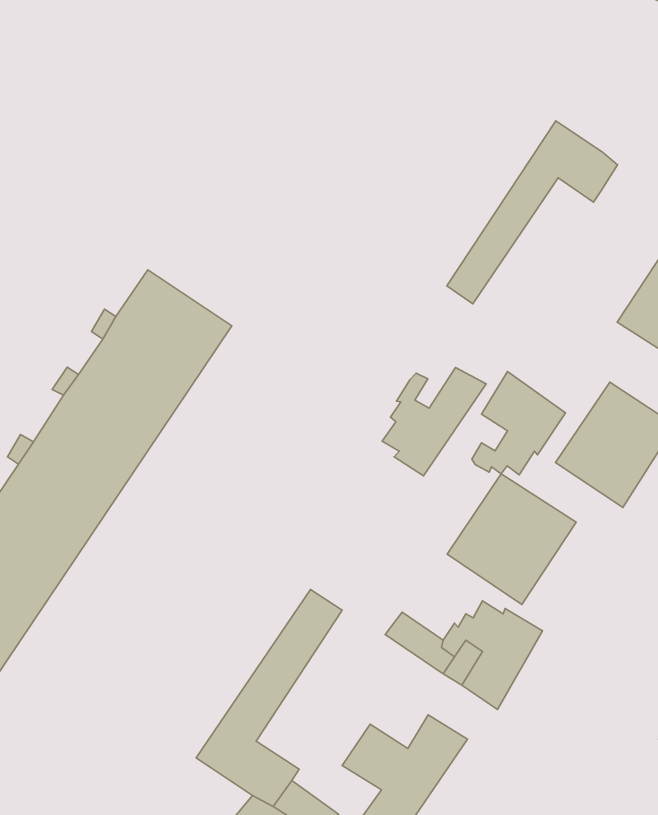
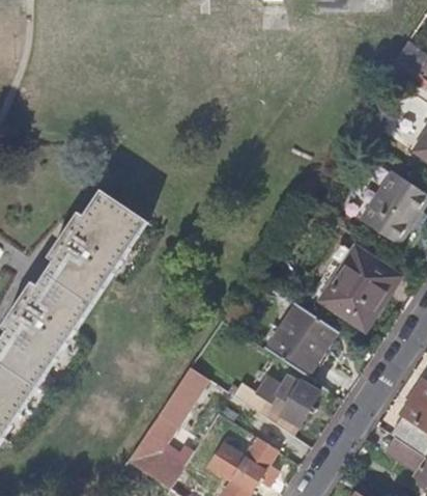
building: [447,121,618,304] -> none
building: [382,367,486,476] -> none
building: [472,371,566,475] -> none

